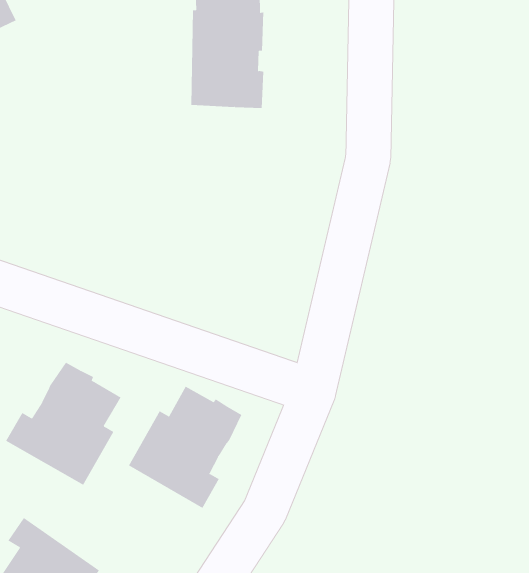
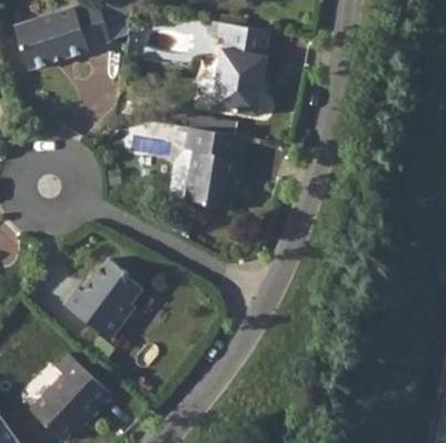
building: none -> [181,128,242,211]
building: [128,386,242,509] -> none

